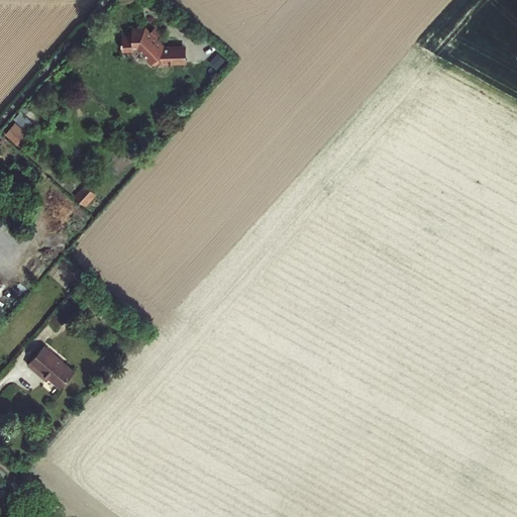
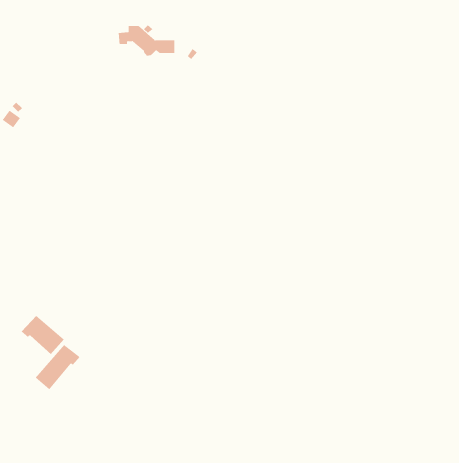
building: none -> [35,344,80,390]

